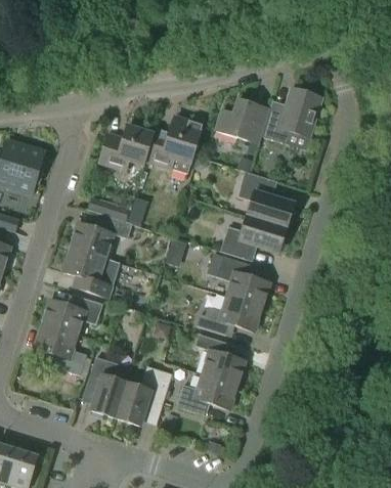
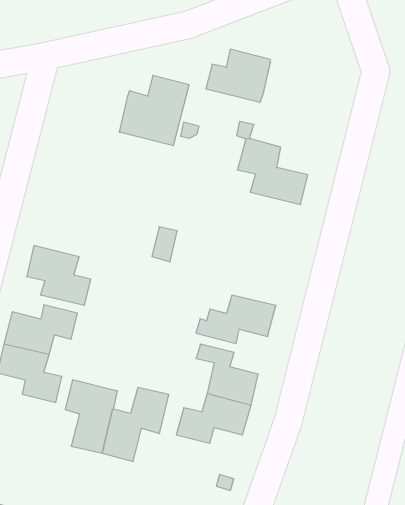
building: [262,87,321,142] -> none
building: [99,124,153,170] -> none
building: [71,214,132,258] -> none
building: [220,214,287,259] -> none
building: [207,252,269,306] -> none

